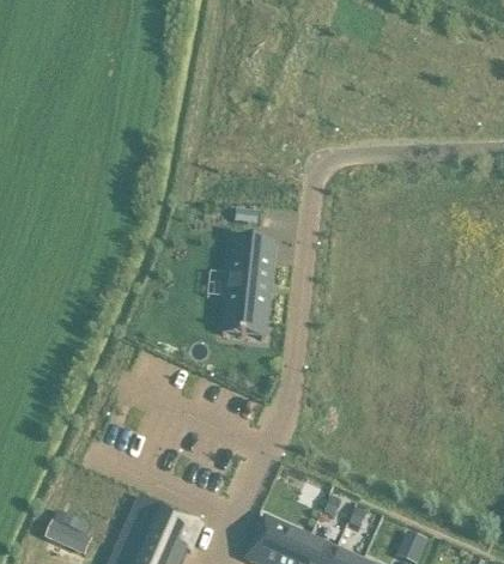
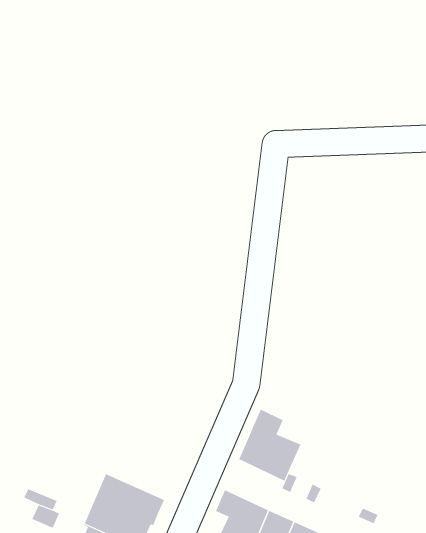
building: [225,238,277,323] -> none
building: none -> [239,409,301,482]

